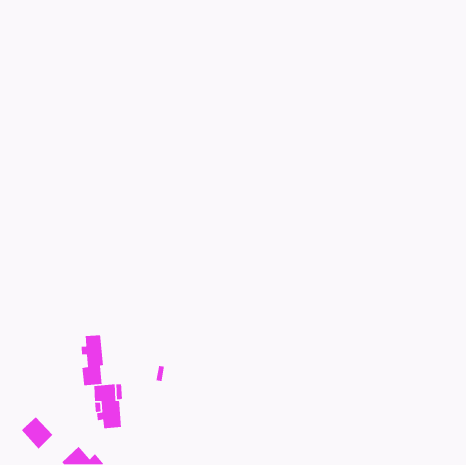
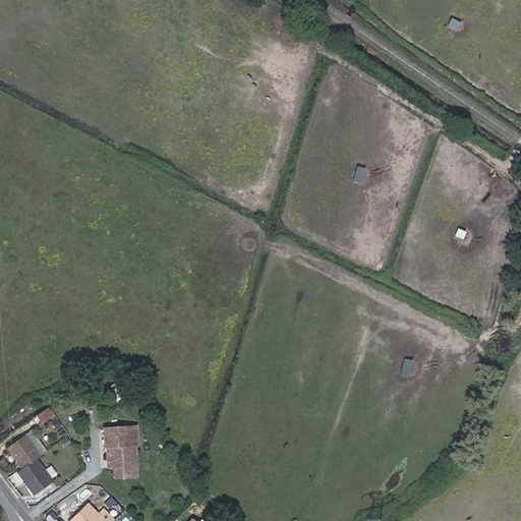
building: [81,334,104,386] -> none
building: none -> [10,441,44,474]

